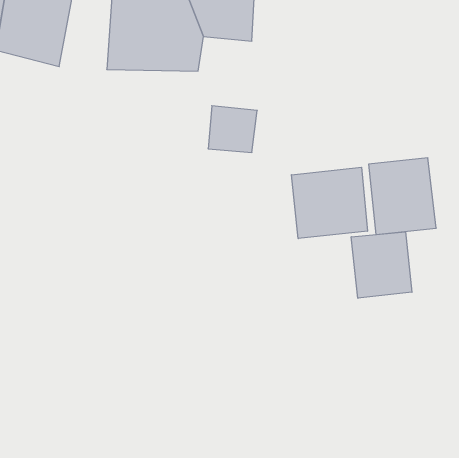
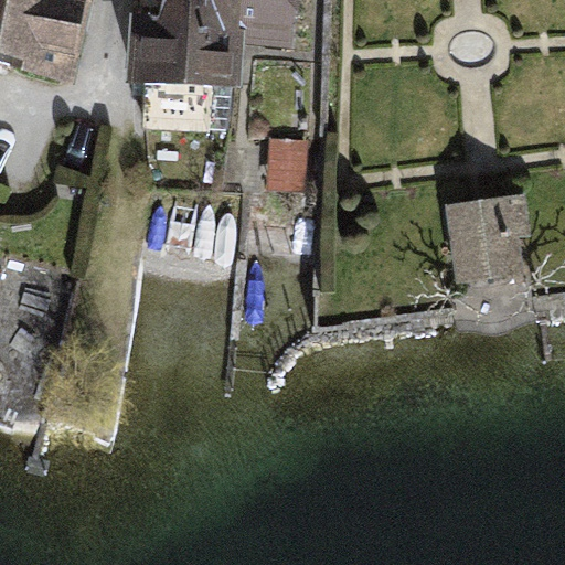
building: [291,167,367,239] -> none
building: [351,232,412,298] -> none

